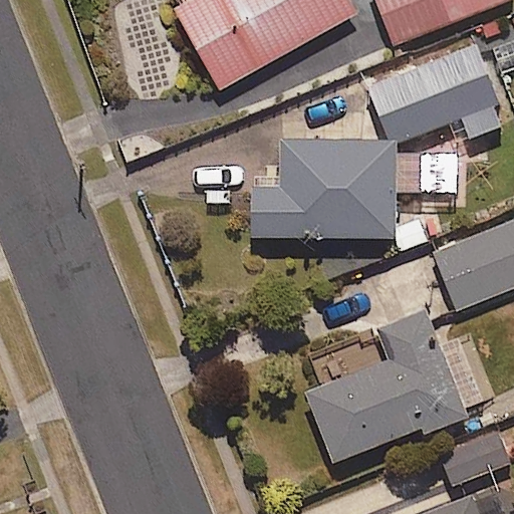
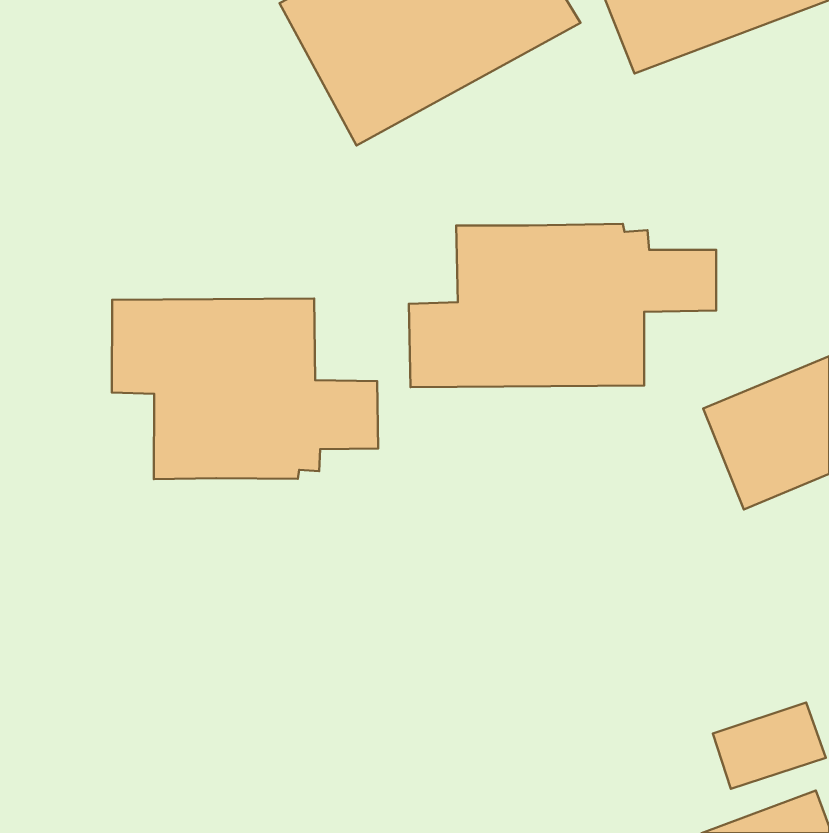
building: [368,50,505,143] -> none
building: none -> [112,298,378,479]
building: [308,313,469,462] -> none

